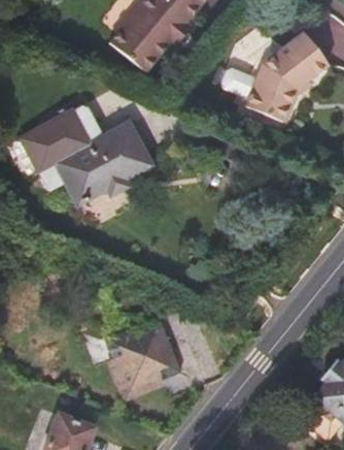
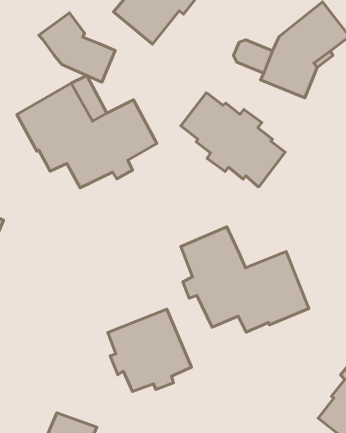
building: none -> [39,13,115,82]
building: none -> [181,93,285,187]
building: none -> [181,227,309,332]

